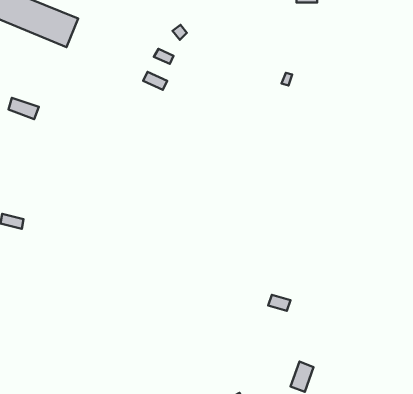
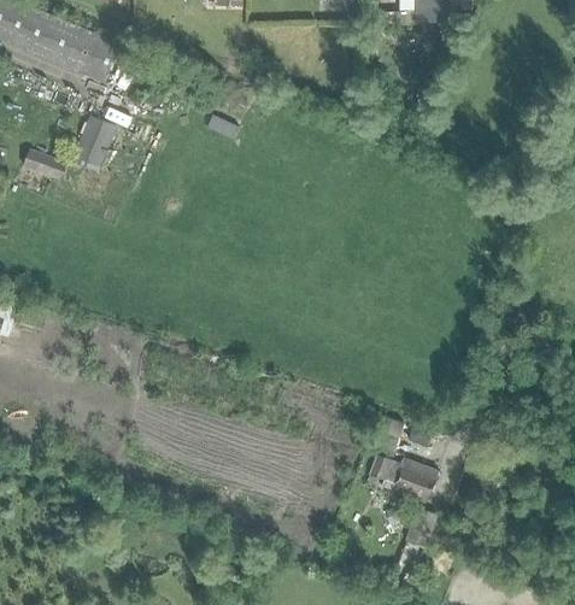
building: none -> [70,116,116,172]
building: none -> [369,454,438,503]

